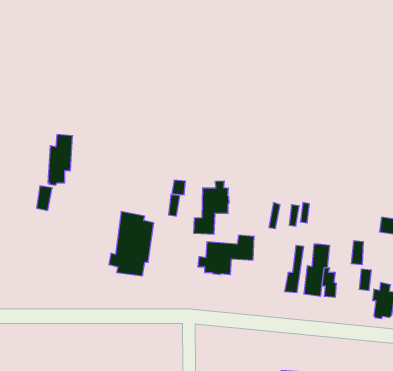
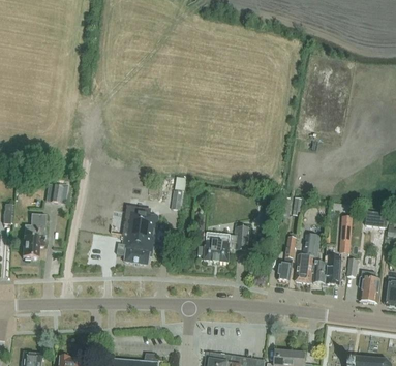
building: [48,135,73,185] -> [23,212,45,258]
building: [194,181,229,234] -> none
building: none -> [324,255,341,282]

